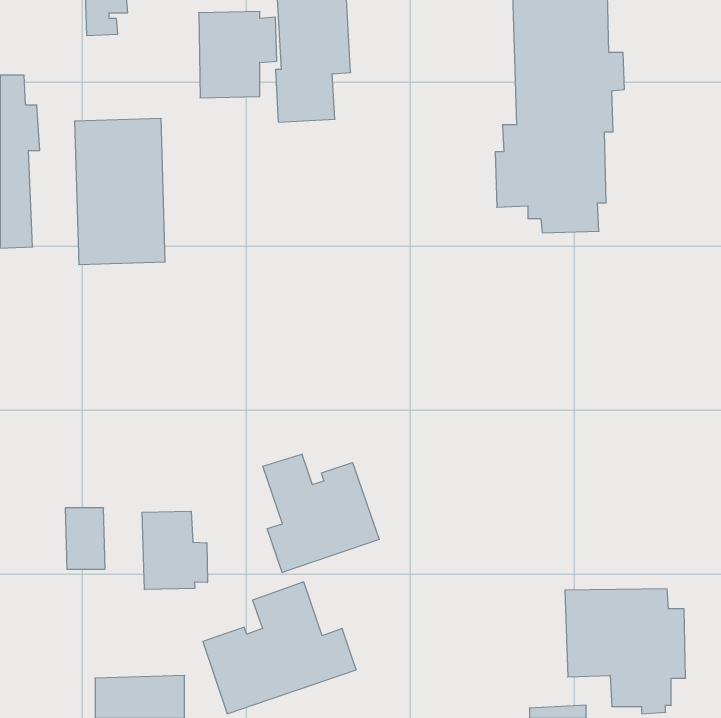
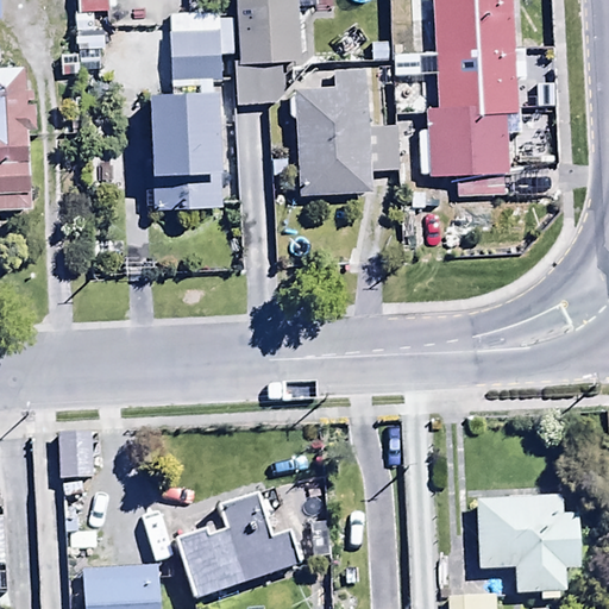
building: none -> [294,83,415,196]
building: [74,118,165,265] -> [147,86,224,208]
building: [263,454,379,573] -> none
building: [142,511,207,590] -> none

